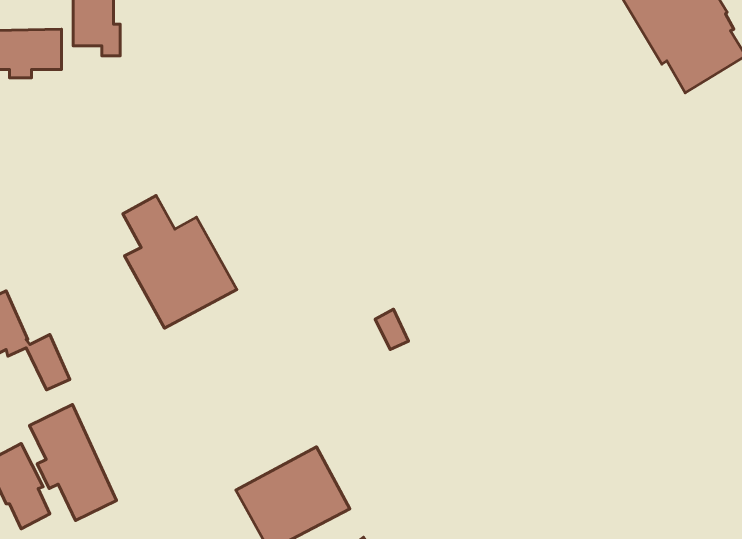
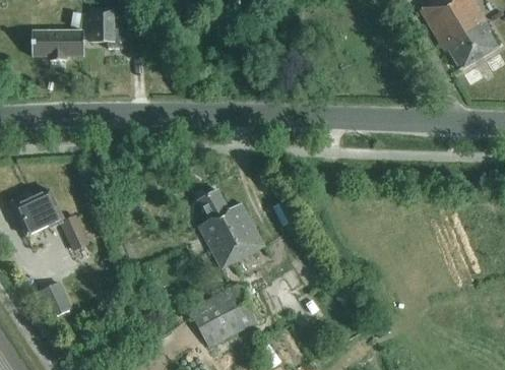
building: [123,196,237,328] -> [197,189,266,269]
building: [30,405,117,520] -> none

